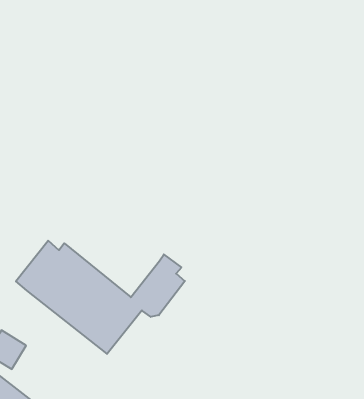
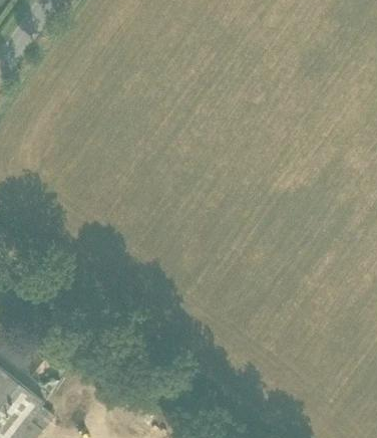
building: [16,241,185,354] -> none

